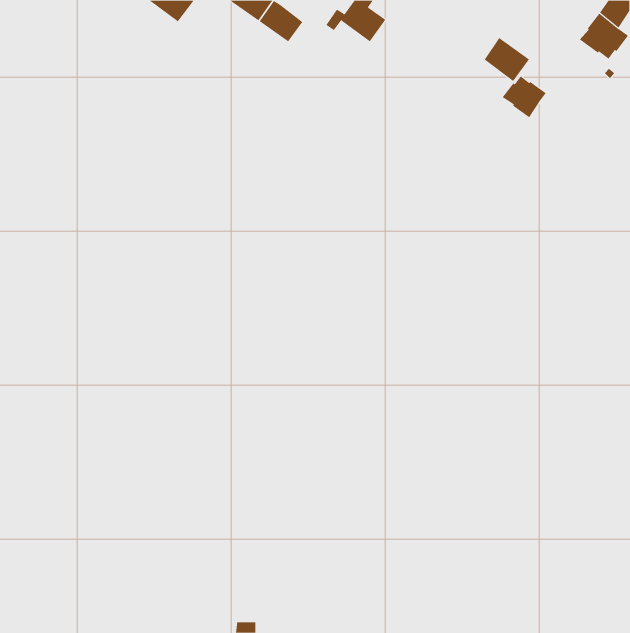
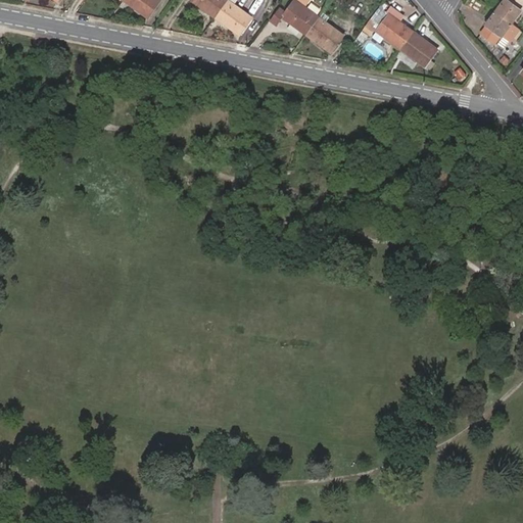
building: none -> [374,8,412,49]
building: none -> [305,16,343,53]
building: [502,76,547,118] -> none

